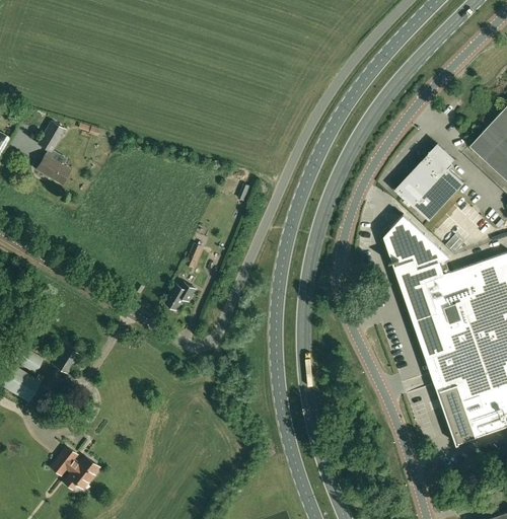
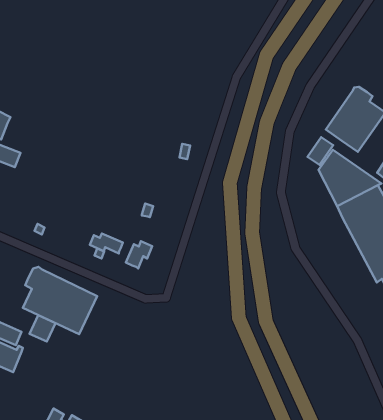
building: none -> [308,137,333,165]
building: none -> [90,233,123,253]
building: none -> [23,267,97,334]

